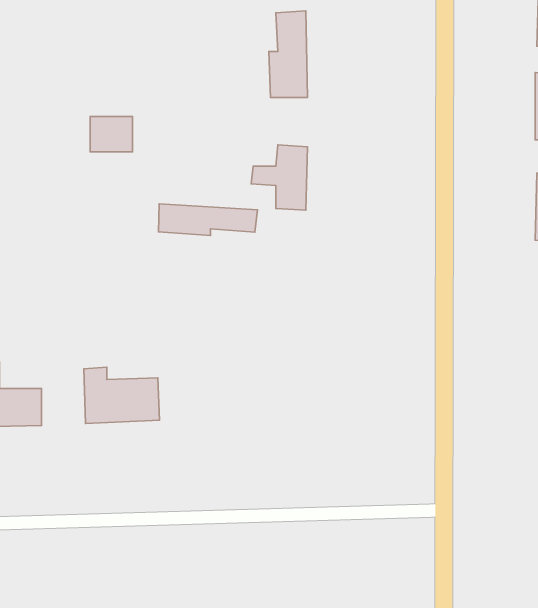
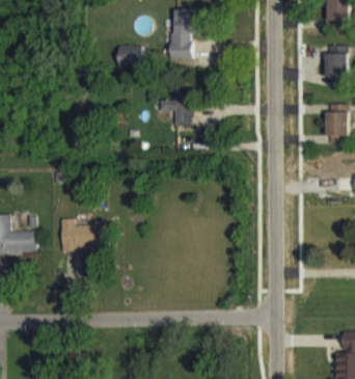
building: [90,117,132,152] -> [118,46,143,66]
building: [158,204,257,236] -> none

